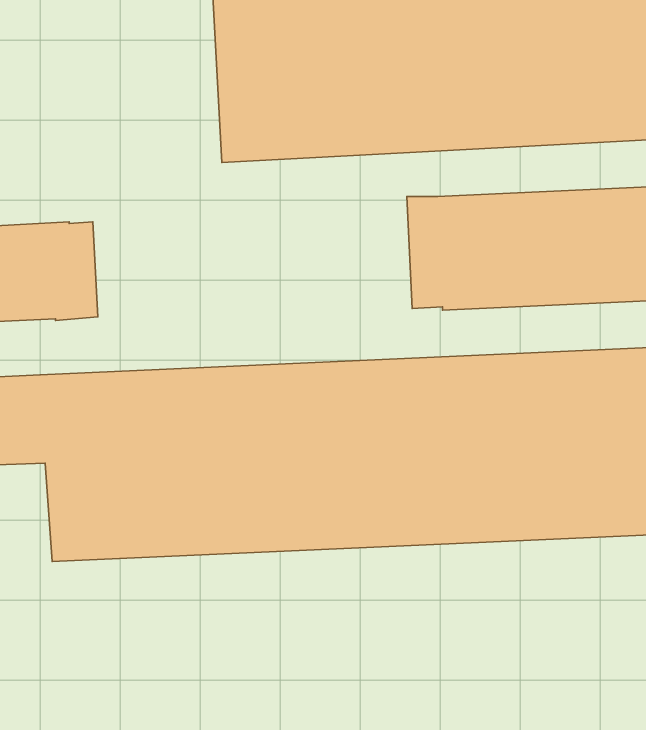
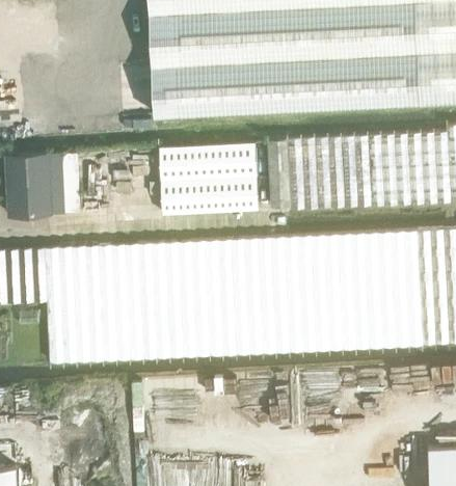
building: none -> [160,143,259,214]

